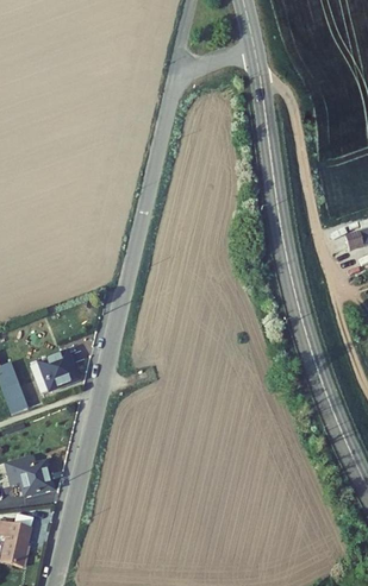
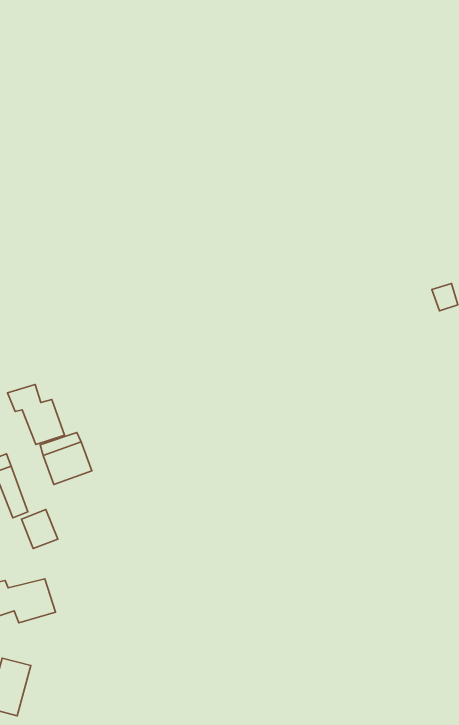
building: none -> [7,384,64,444]
building: none -> [21,509,58,549]

